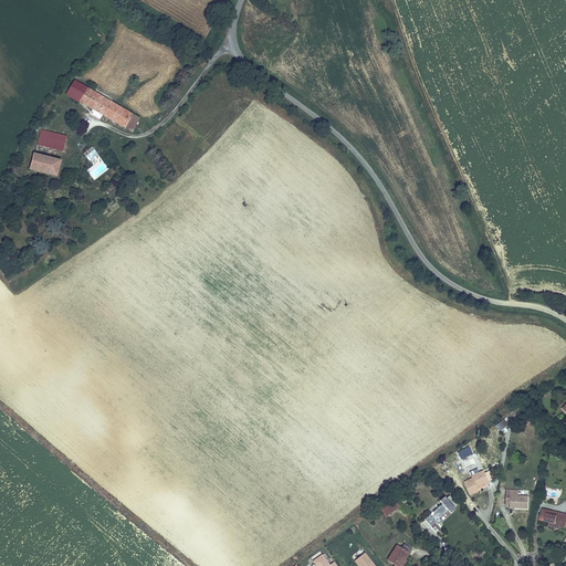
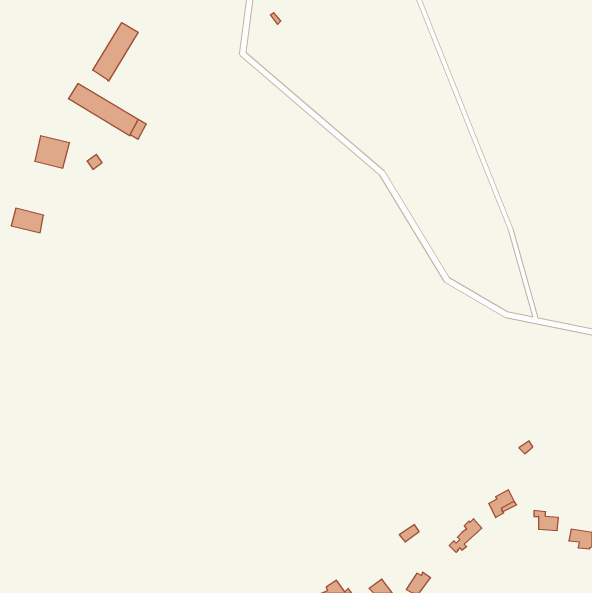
building: none -> [93,23,138,81]
building: [29,154,60,177] -> [11,208,44,233]

